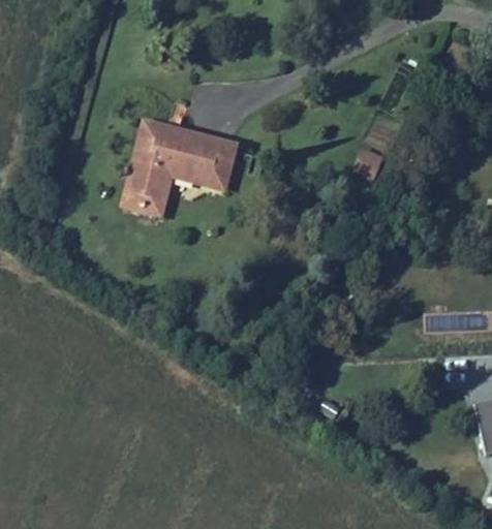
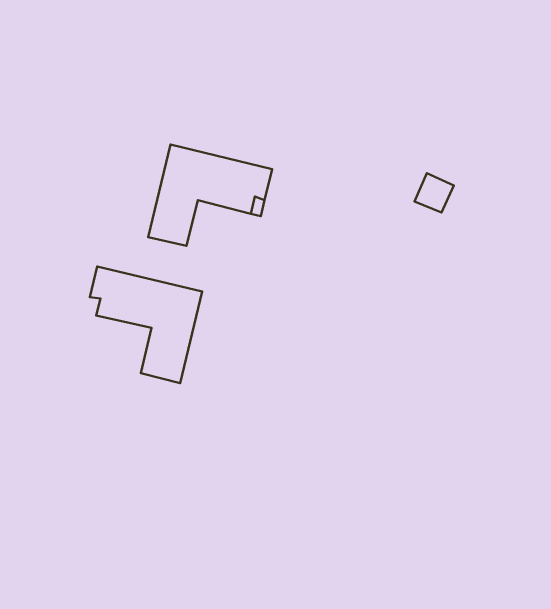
building: none -> [90,267,202,383]

